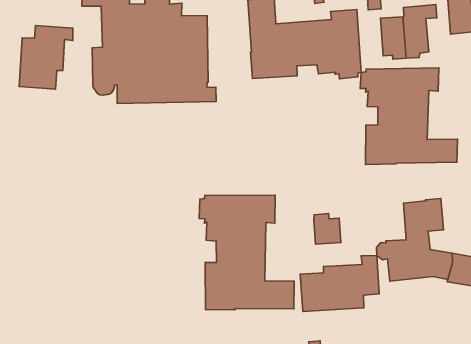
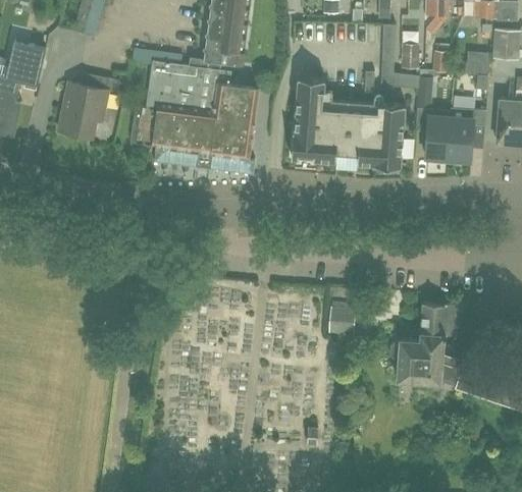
building: [360,68,458,164] -> none
building: [199,195,294,310] -> none
building: [300,256,379,312] -> none

